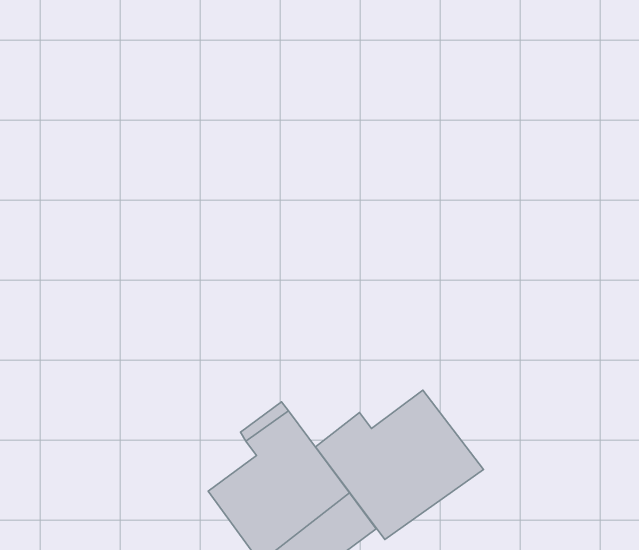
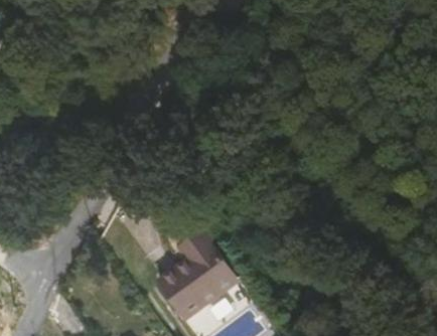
building: [315,390,483,539] -> none

